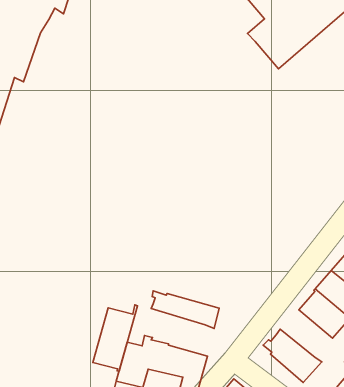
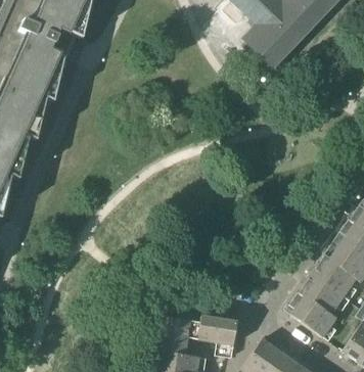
building: [151,291,219,328] -> none
building: [93,305,138,371] -> none
building: none -> [299,274,345,314]

